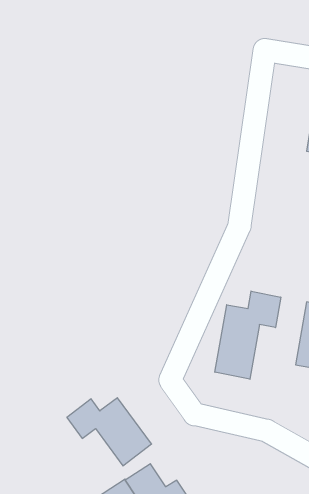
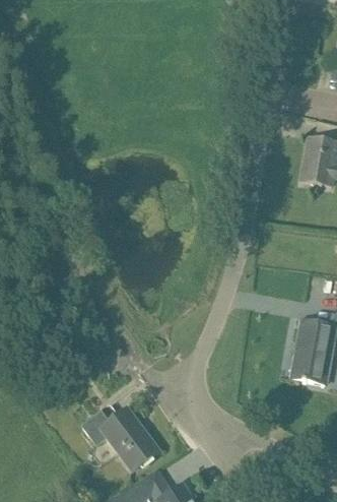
building: [215,291,281,379] -> none

